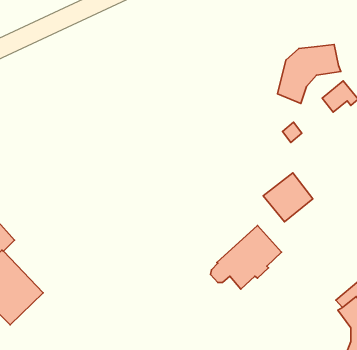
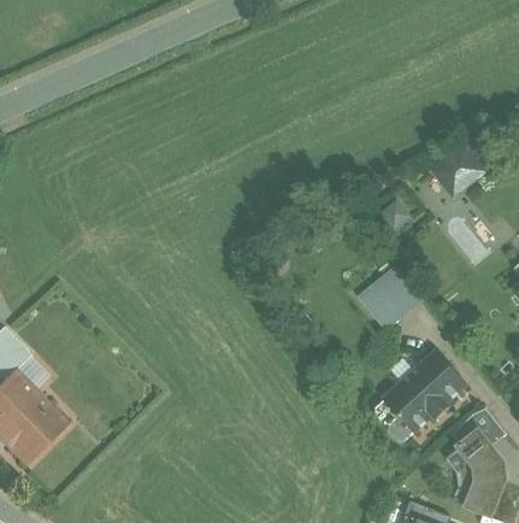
building: [277,44,341,103] -> none
building: [211,225,281,289] -> [373,349,466,433]

